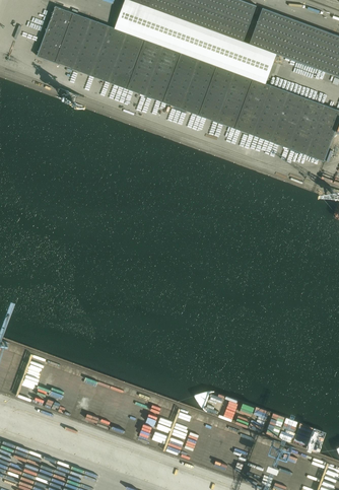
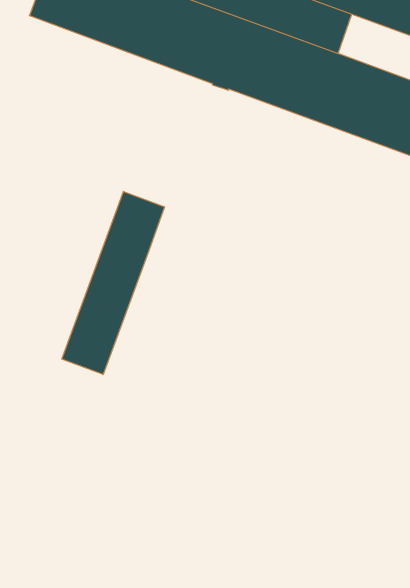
building: none -> [62,191,164,375]

